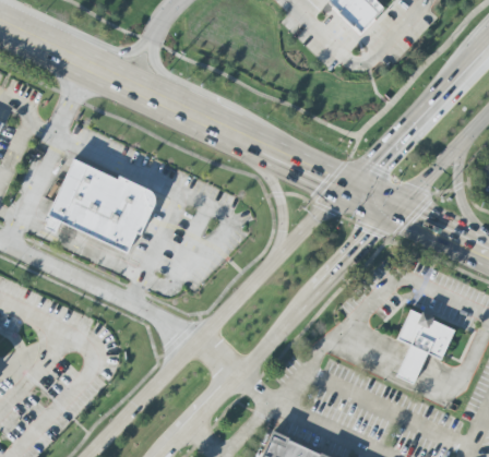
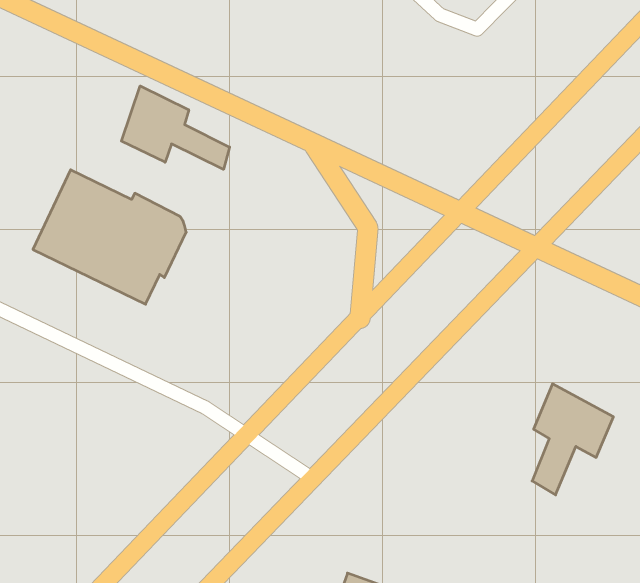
building: none -> [121,86,230,169]

